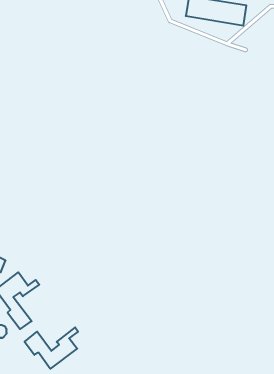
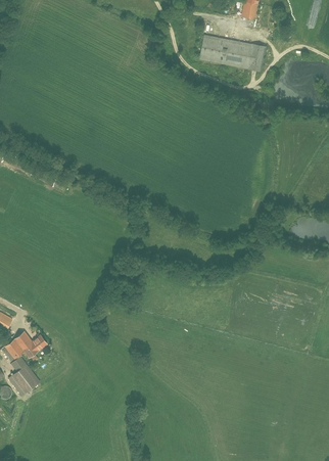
building: [25,327,78,369] -> none

